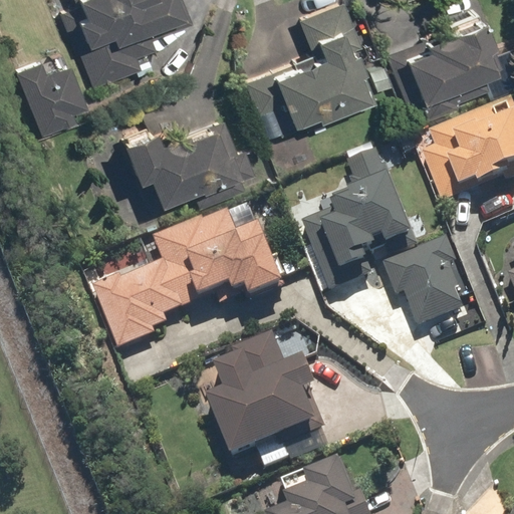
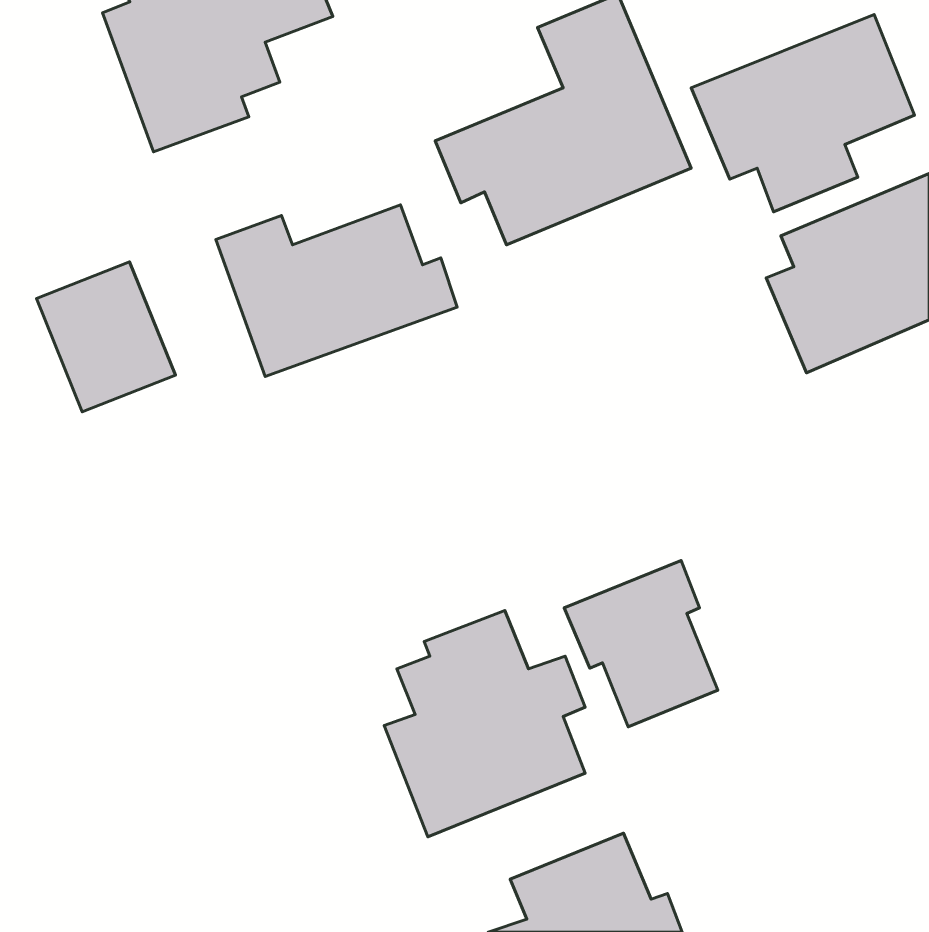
building: [11,48,87,131] -> [36,262,175,412]
building: [301,149,419,293] -> none
building: [94,207,287,348] -> none
building: [383,237,468,328] -> [564,560,718,727]

